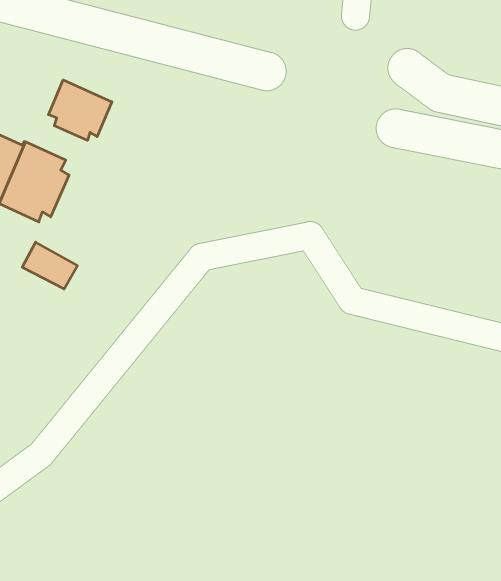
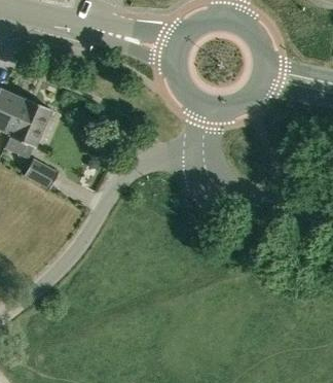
building: [48,80,112,140] -> none

